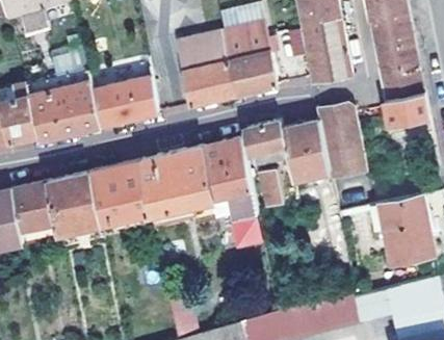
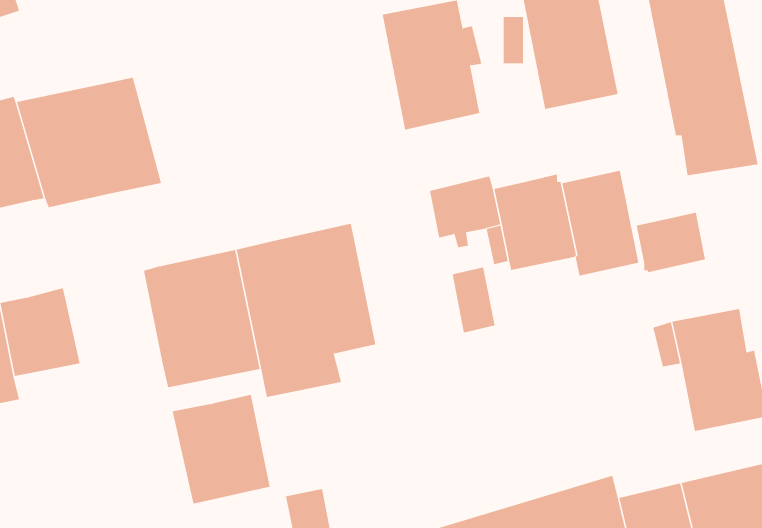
building: [178,34,235,107] -> none
building: [92,76,158,127] -> none
building: [315,94,354,127] -> [636,212,706,273]
building: [206,140,265,255] -> none
building: [48,175,102,235] -> [172,394,270,504]

